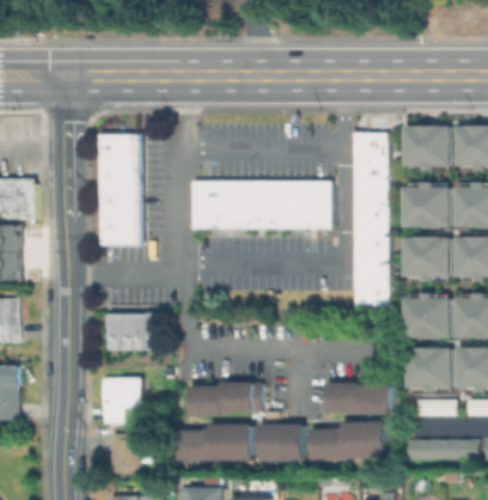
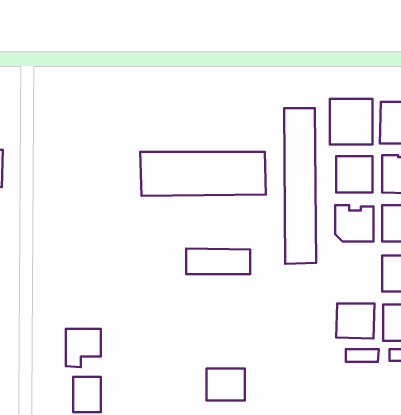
building: [96,133,139,245] -> none
building: [409,297,450,337] -> none
building: [106,313,154,350] -> none
building: [194,385,266,414] -> [186,249,250,274]
building: [331,385,391,414] -> none
building: [315,421,389,458] -> none
building: [182,422,255,461] -> none
building: [411,440,476,458] -> none

